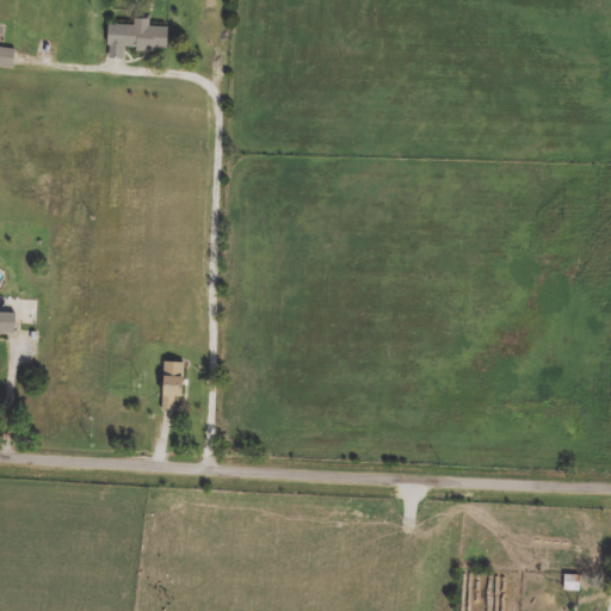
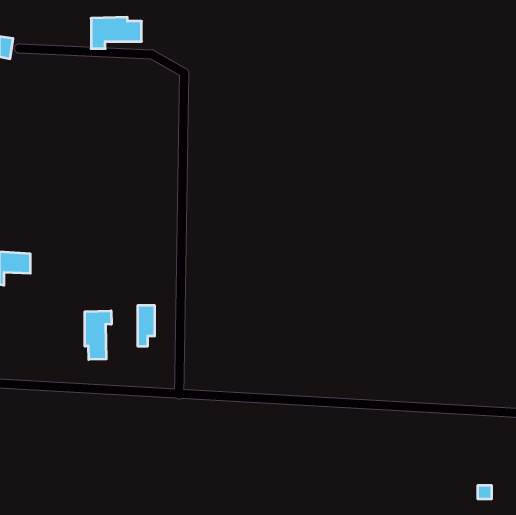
building: none -> [85,311,111,360]

